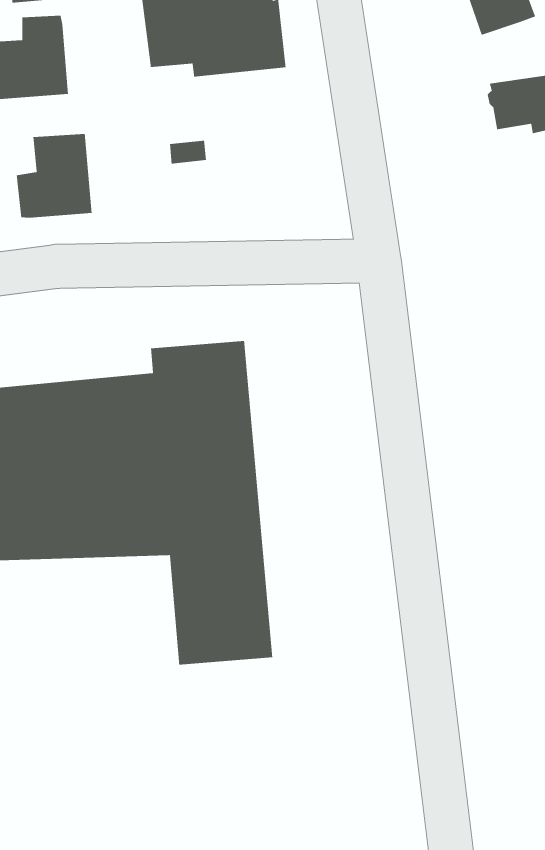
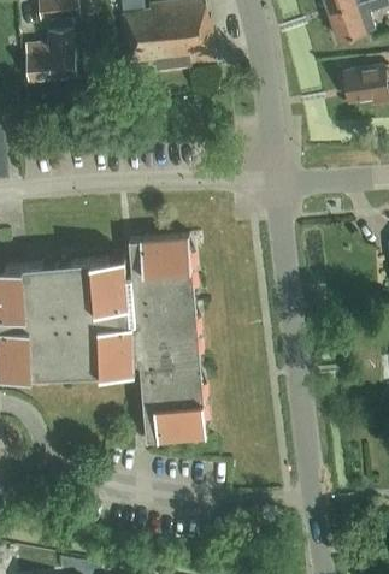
building: [16,133,92,219] -> none

